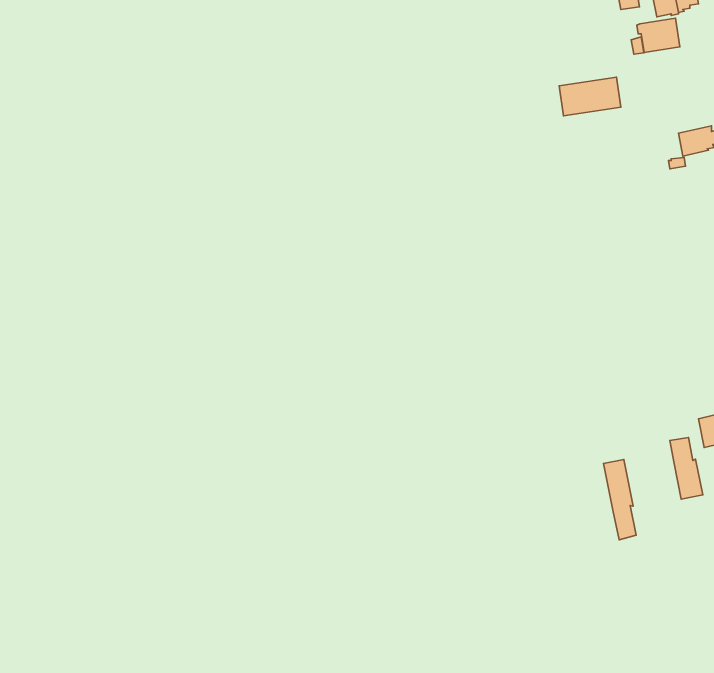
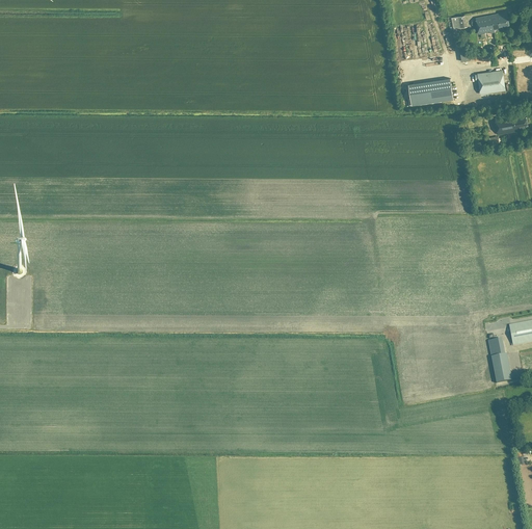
building: [637,18,680,53] -> [475,70,506,95]
building: [603,459,636,540] -> none

